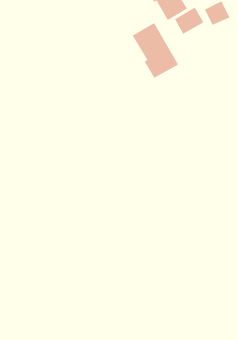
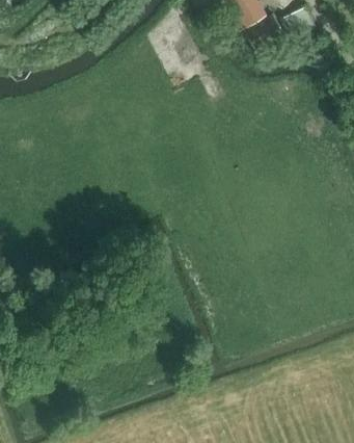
building: [132,22,179,78] -> none

